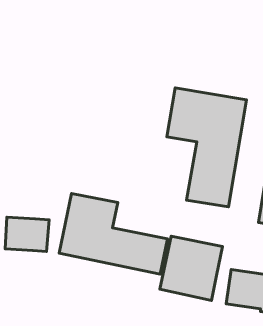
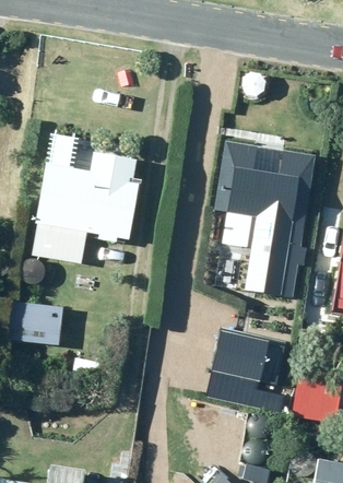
building: none -> [32,151,139,263]
building: [59,193,168,274] -> none

